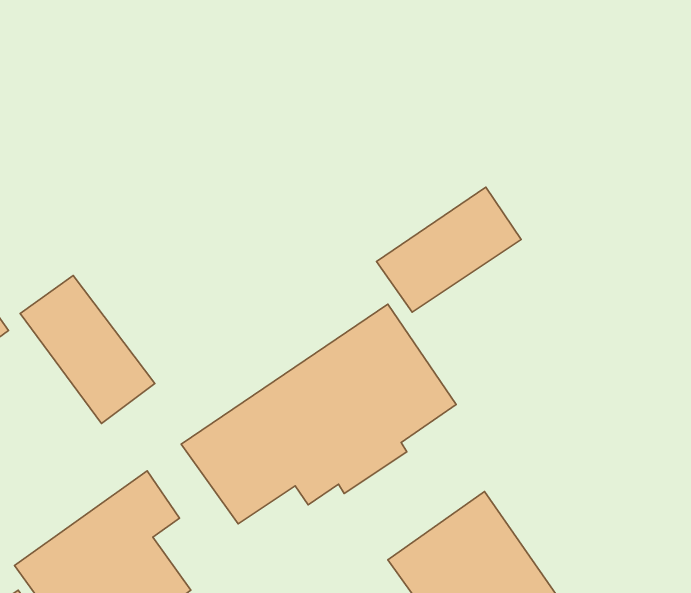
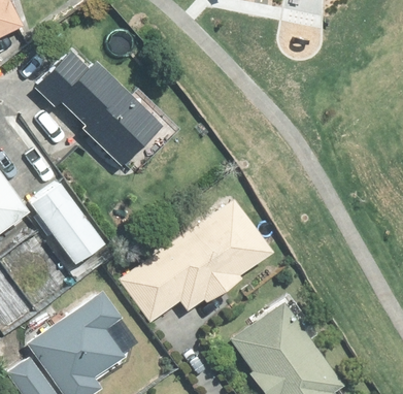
building: none -> [36,52,163,169]
building: [376,187,521,312] -> none

